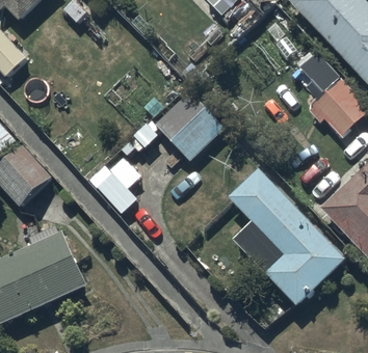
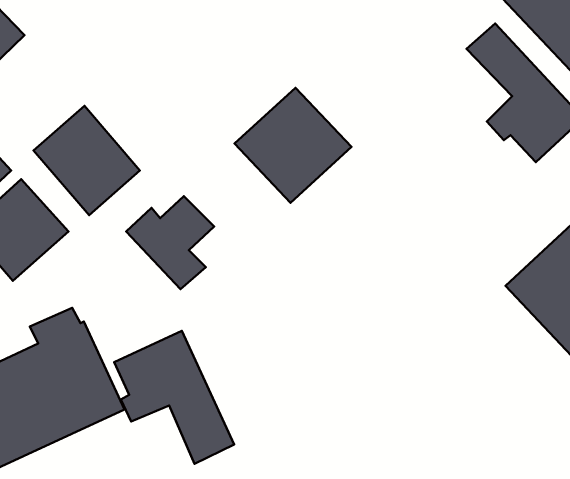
building: none -> [34,106,140,215]
building: [229,168,346,307] -> none
building: none -> [114,331,234,464]

